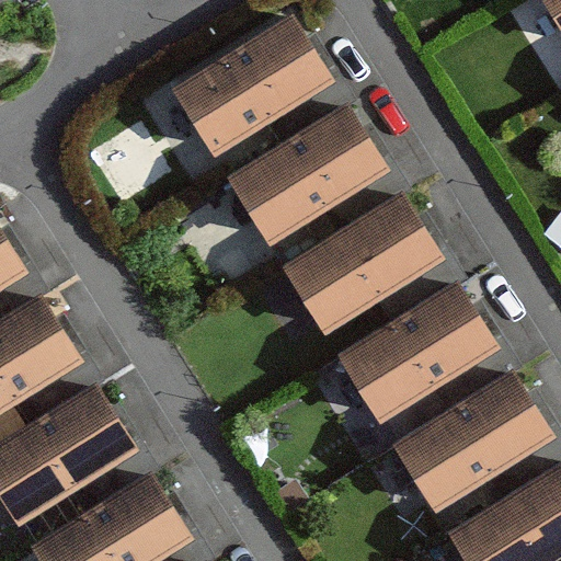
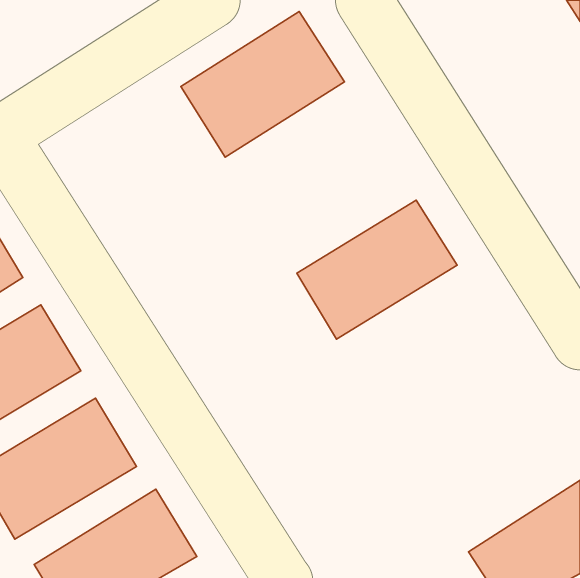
building: [228,103,386,243] -> none
building: [340,284,495,422] -> none
building: [394,371,551,511] -> none

